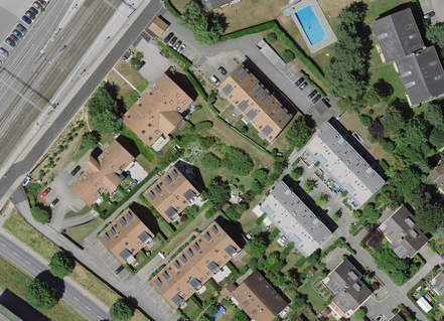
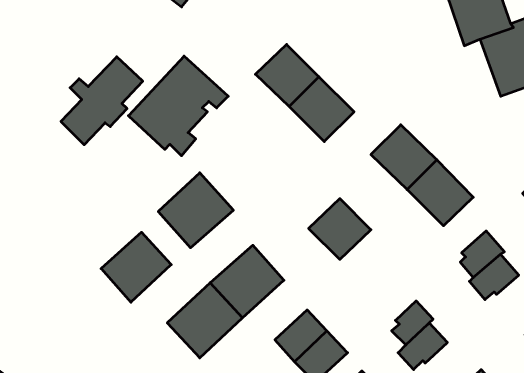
building: [71,137,135,205] -> [61,57,143,145]
building: [284,207,333,256] -> none

